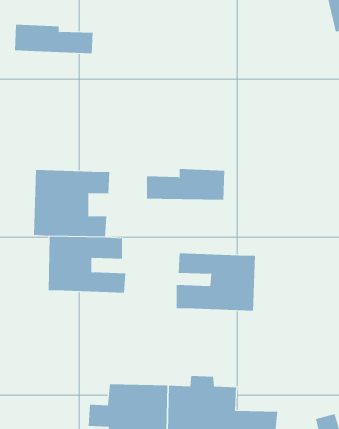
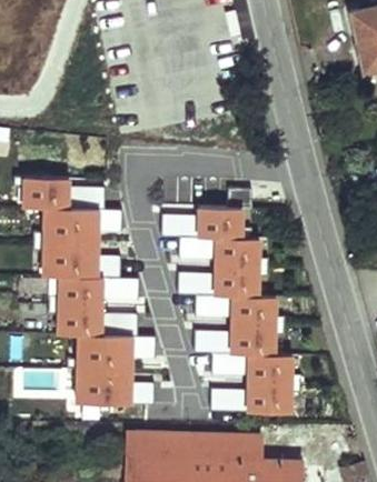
building: [14,24,93,54] -> [24,179,108,210]
building: none -> [177,239,261,298]
building: none -> [73,335,158,406]
building: none -> [210,354,294,414]

